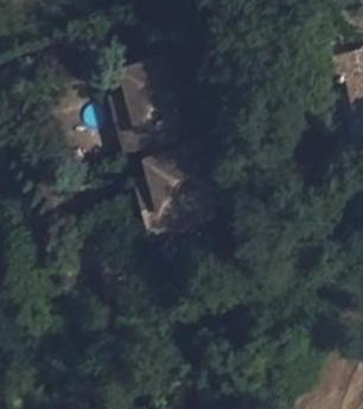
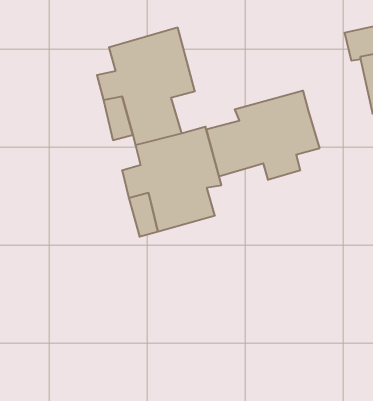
building: none -> [207,91,319,180]

